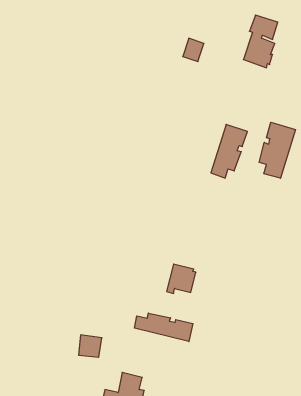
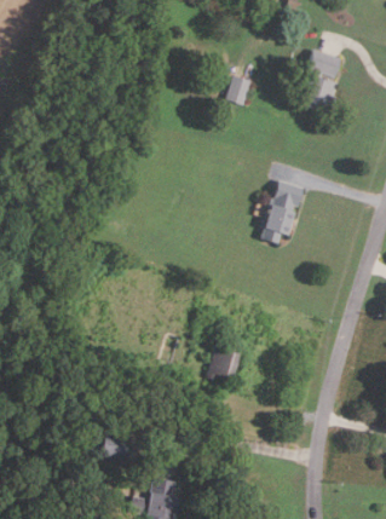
building: [259,122,296,178] -> none
building: [135,313,193,342] -> none

